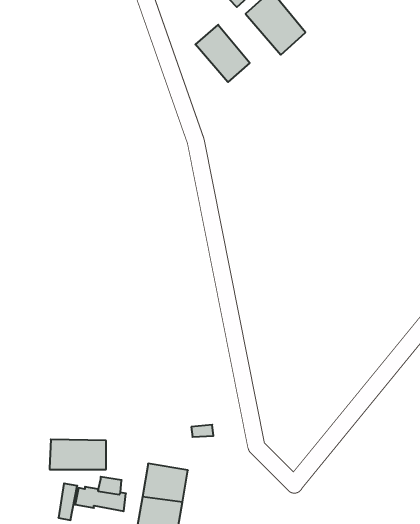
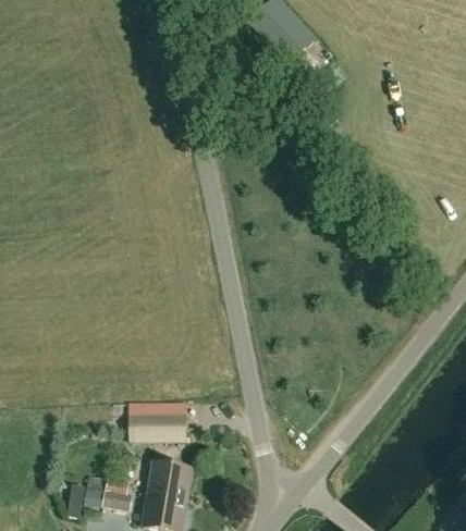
building: [195,25,250,82] -> none
building: [50,439,106,469] -> [127,409,183,439]

